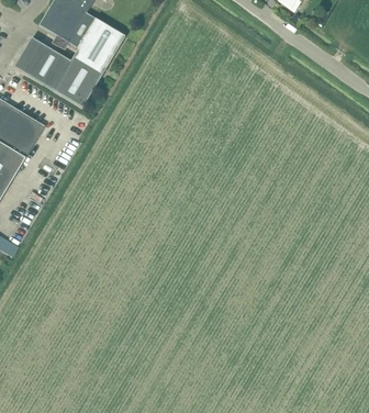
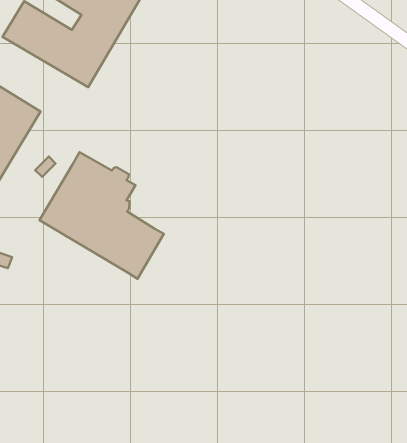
building: none -> [39,152,164,279]

